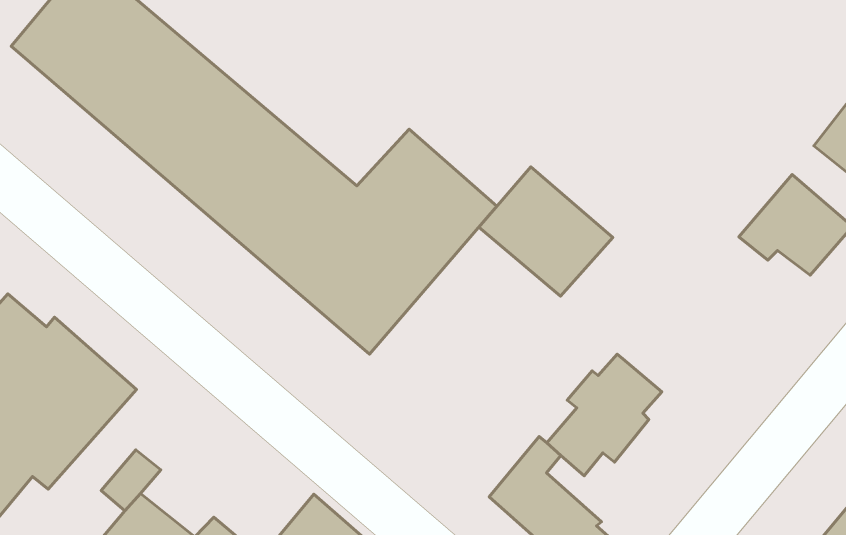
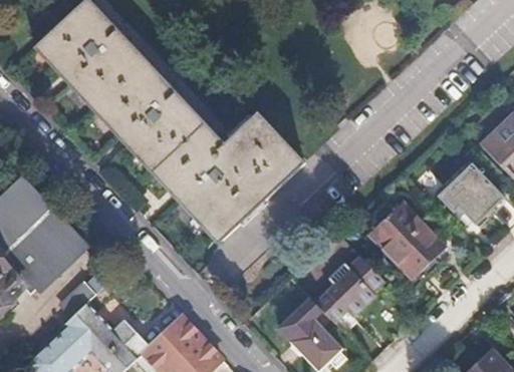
building: [479,167,613,296] -> [371,200,447,275]

